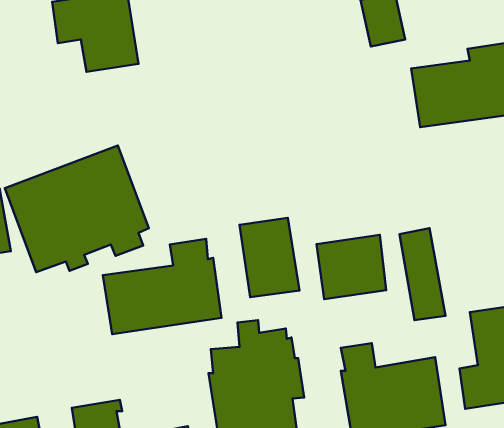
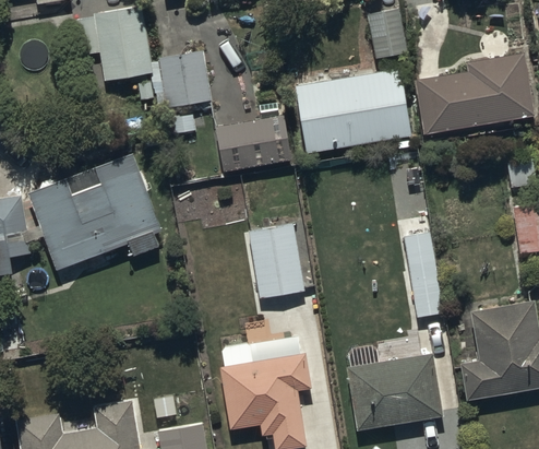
building: none -> [155,49,215,109]
building: none -> [292,64,409,154]
building: none -> [215,111,294,172]
building: [316,235,386,299] -> none
building: [103,239,222,334] -> none

